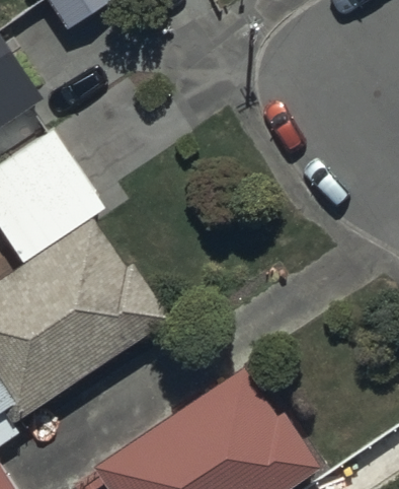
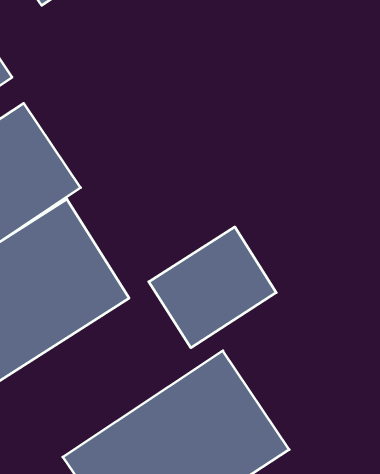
building: none -> [149,227,276,348]

